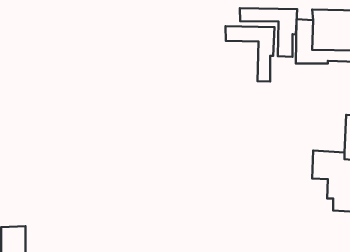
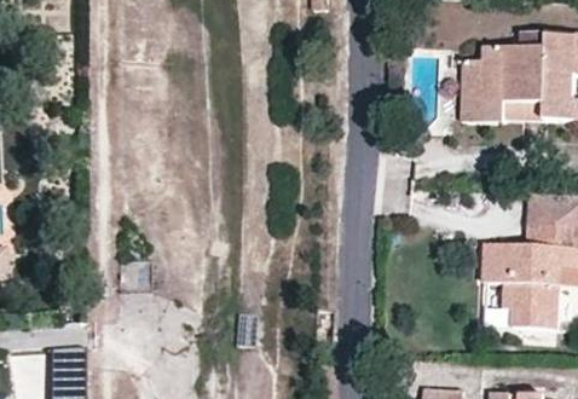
building: [240,8,297,57] -> none
building: [225,26,274,82] -> none

